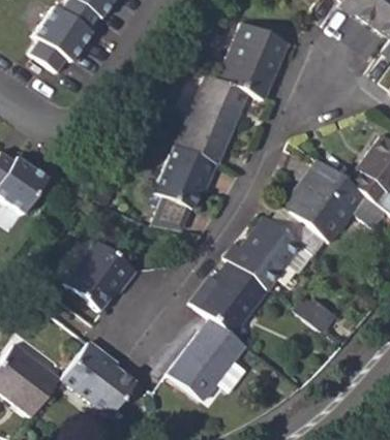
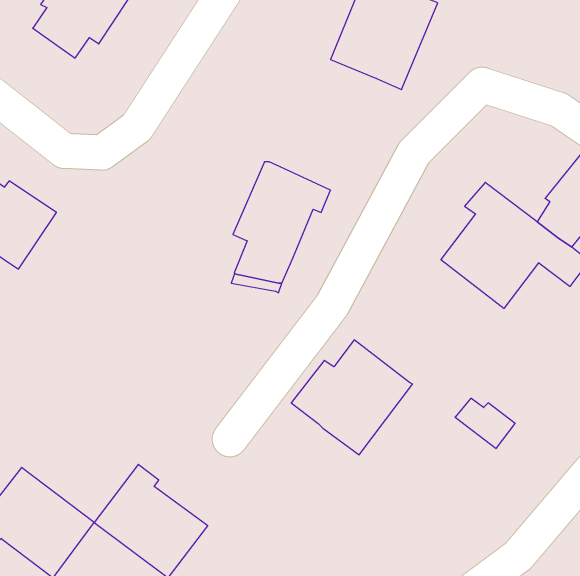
building: [178,73,248,163] -> none
building: [229,217,317,289] -> none
building: [65,239,140,310] -> none
building: [170,319,248,401] -> none

